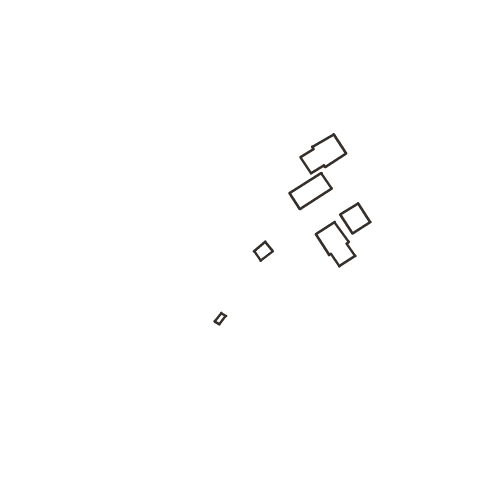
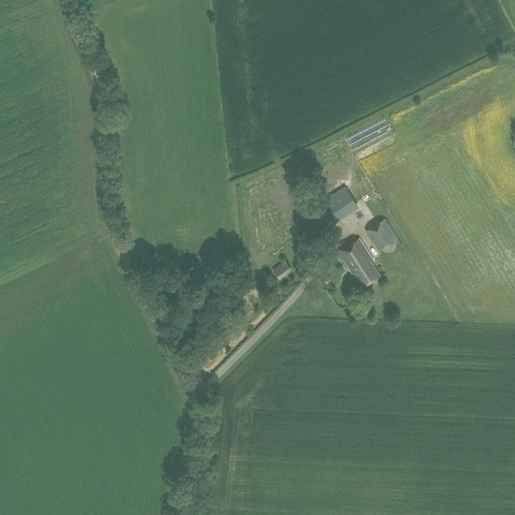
building: [301,134,346,173] -> none

